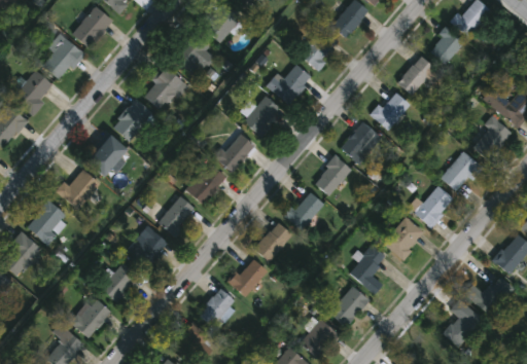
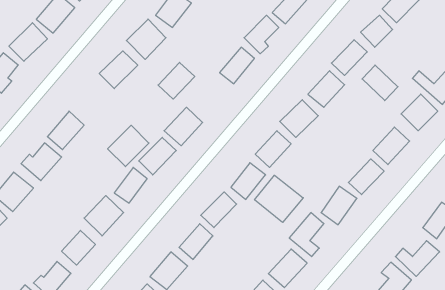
building: none -> [362,65,398,101]
building: [243,96,283,136] -> [158,62,195,99]
building: [110,99,155,144] -> [108,125,149,167]
building: none -> [255,175,303,222]

